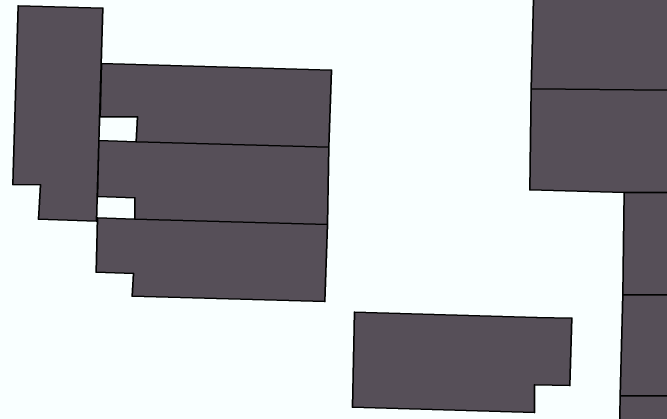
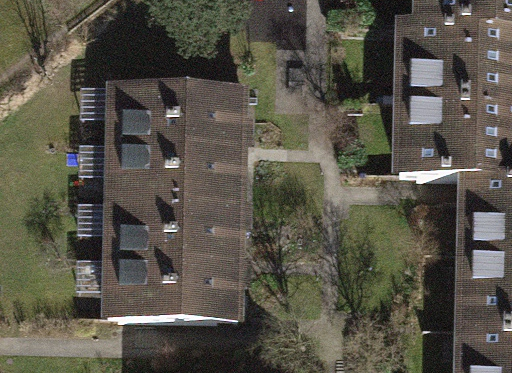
building: [13,6,103,221] -> none
building: none -> [77,257,250,319]
building: [352,312,572,413] -> none

